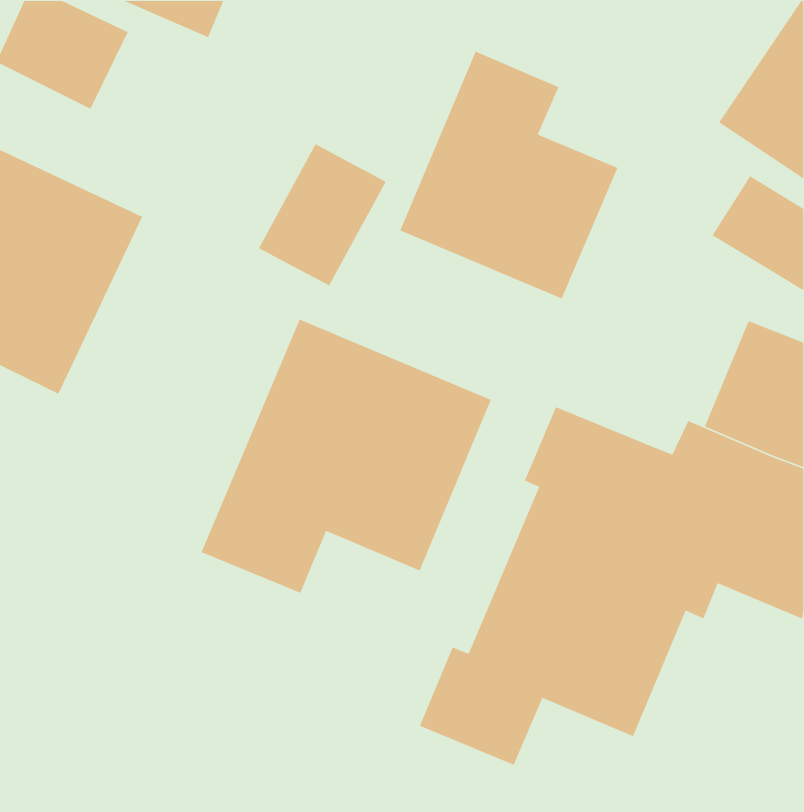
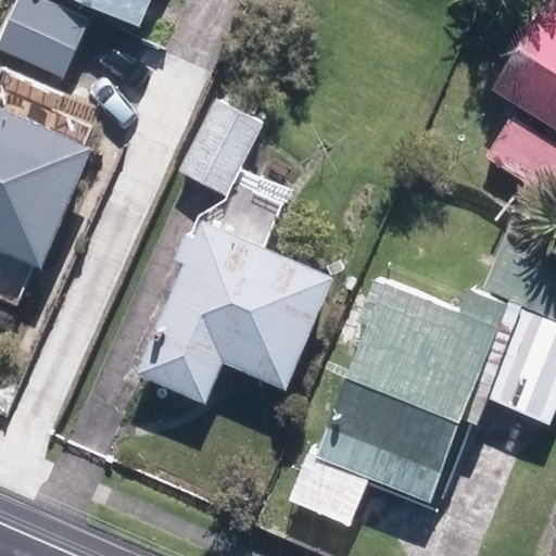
building: [399,51,618,299] -> none

